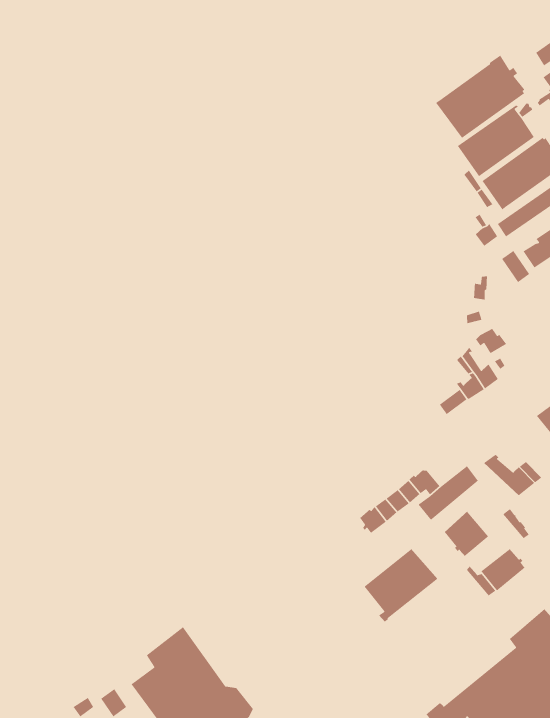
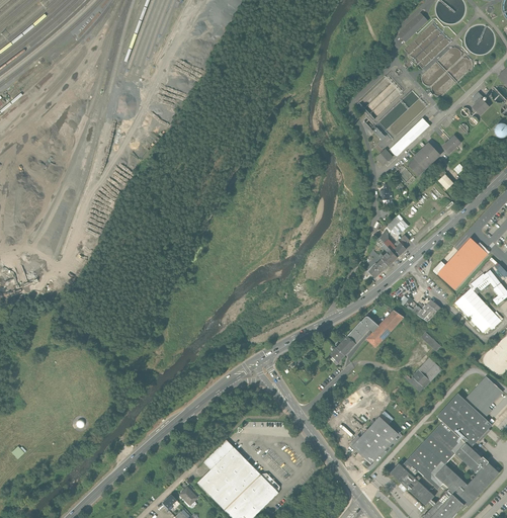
building: [435,54,525,139] -> none
building: [444,510,489,557] -> none
building: [364,548,438,623] -> [351,417,399,467]

